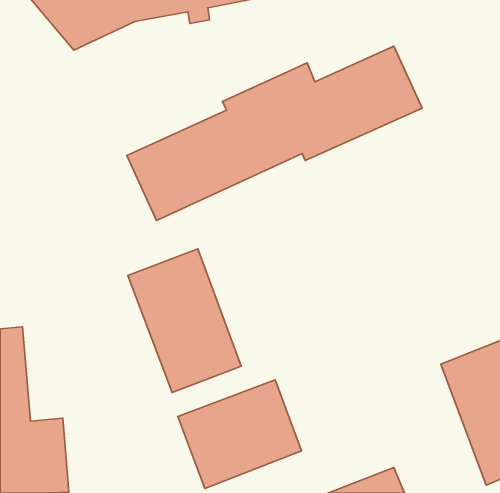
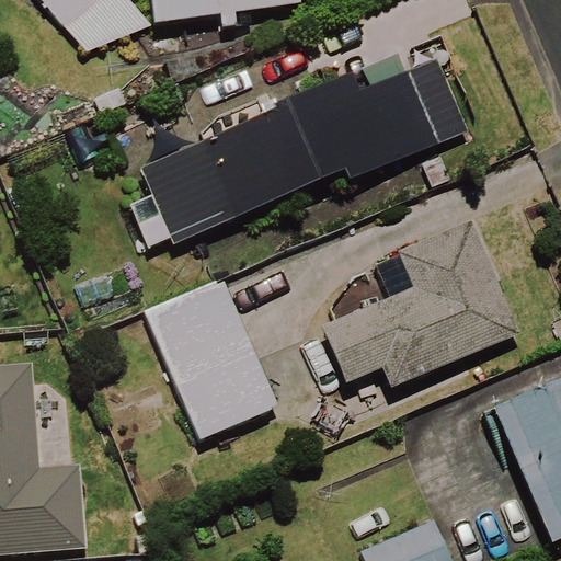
building: none -> [318,226,513,385]
building: [178,380,302,488] -> none

